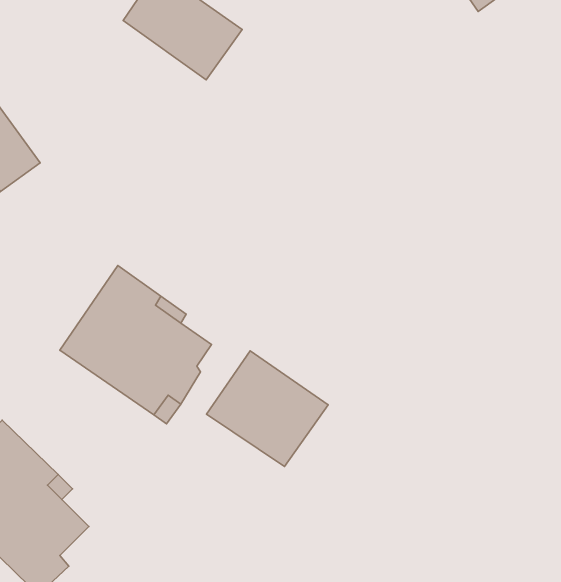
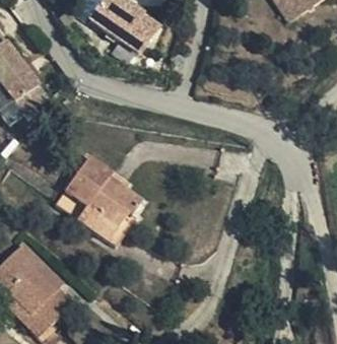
building: [207,351,328,466] -> none

